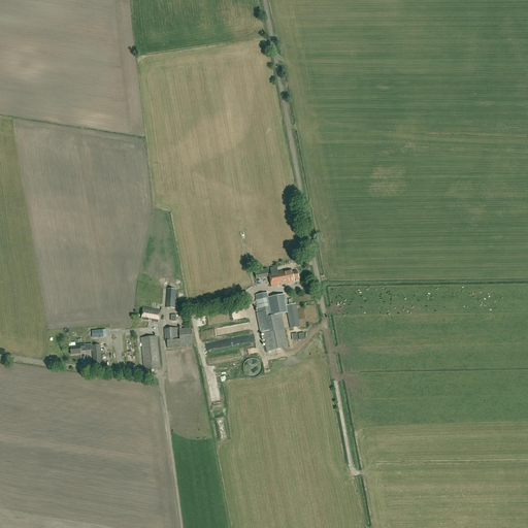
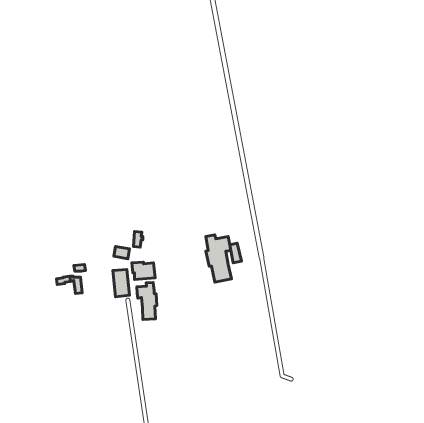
building: [268,266,299,286] -> none
building: none -> [137,282,157,320]

